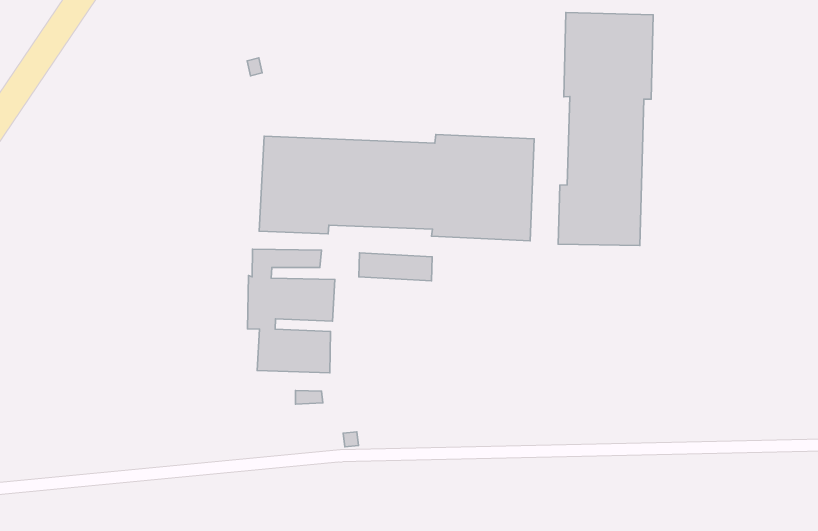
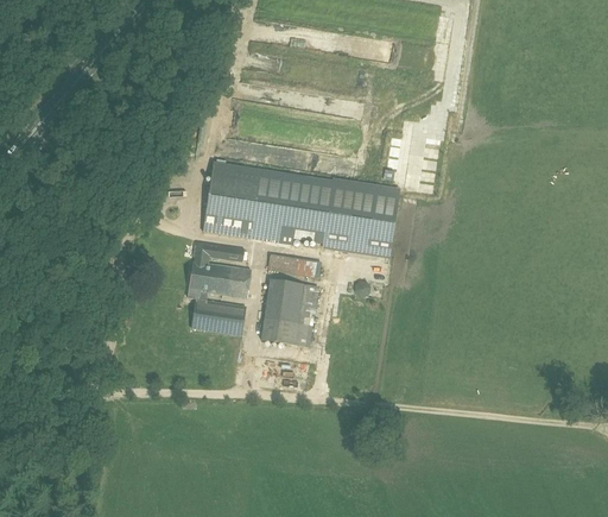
building: [558,13,653,245] -> none
building: none -> [261,278,316,345]

